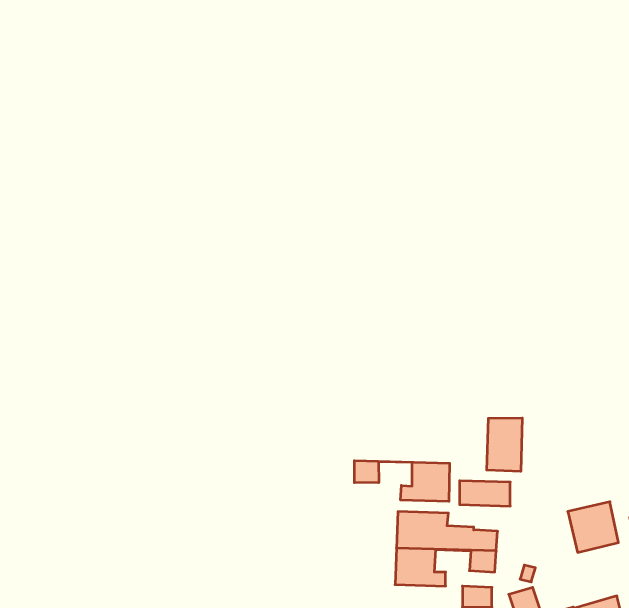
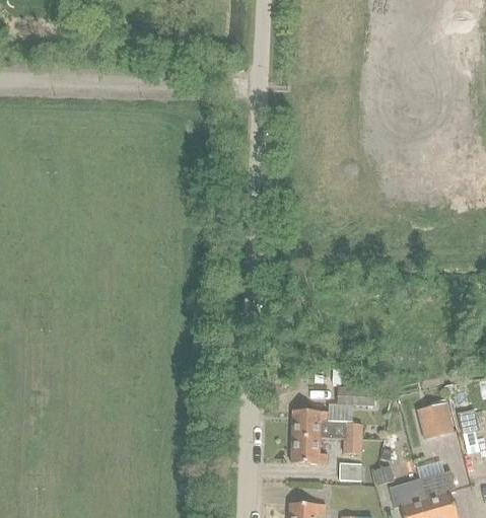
building: [487,418,522,471] -> none
building: [354,461,450,501] -> none

